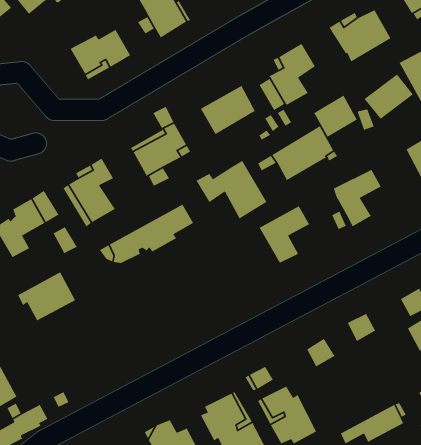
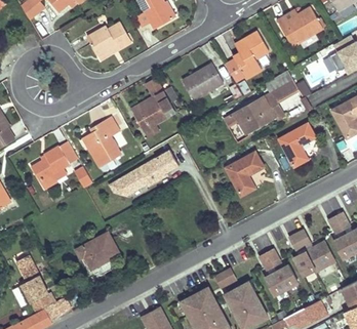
building: [196,160,267,219] -> none
building: [17,271,76,321] -> [76,233,119,270]
building: none -> [293,242,335,277]
building: none -> [264,265,298,296]

